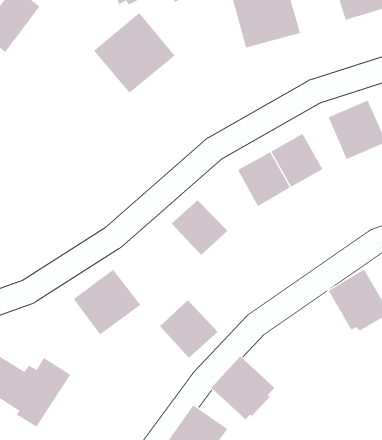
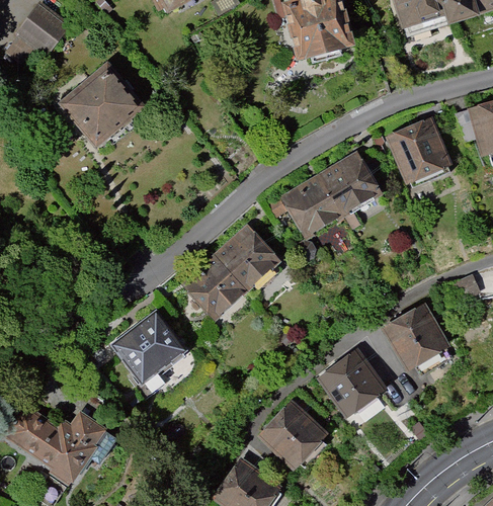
building: [93,12,175,93] -> [56,61,146,150]
building: [159,300,218,359] -> [182,255,247,320]
building: none -> [319,352,386,419]

